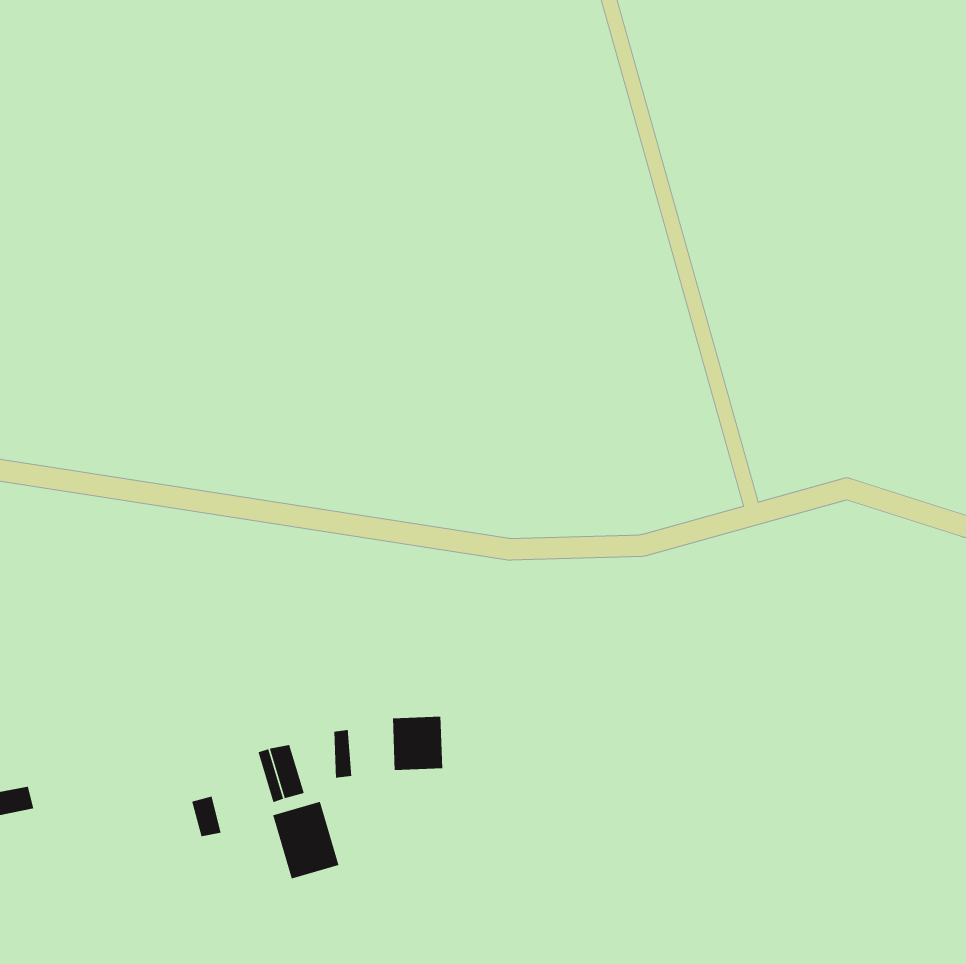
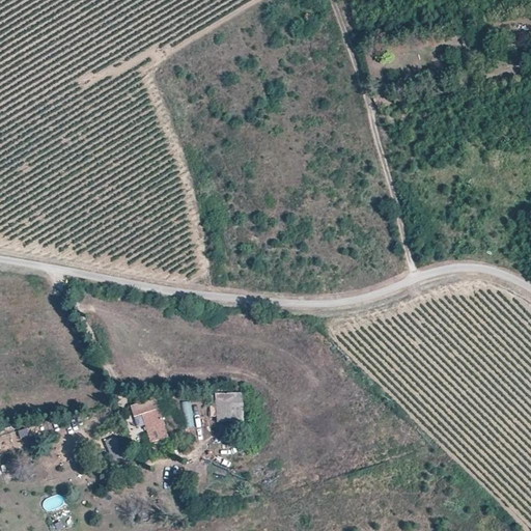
building: [272,801,340,880] -> none

